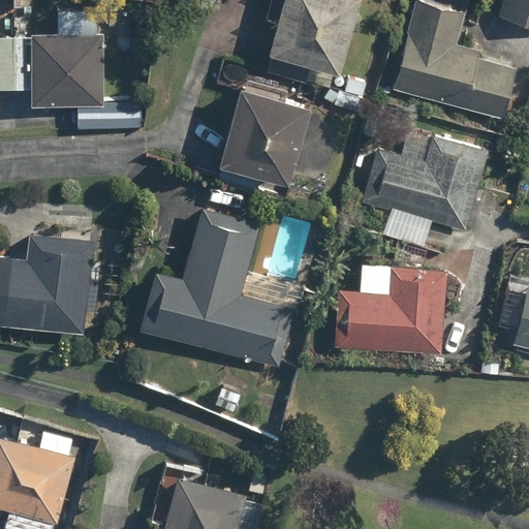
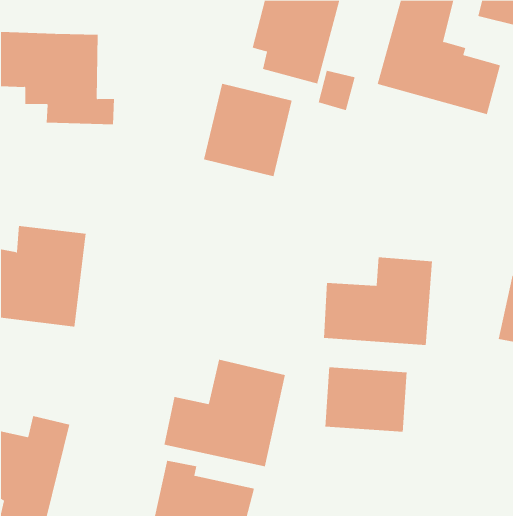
building: [364,128,490,249] -> none
building: [137,206,295,367] -> none
building: none -> [164,359,286,467]
building: none -> [325,367,407,433]

